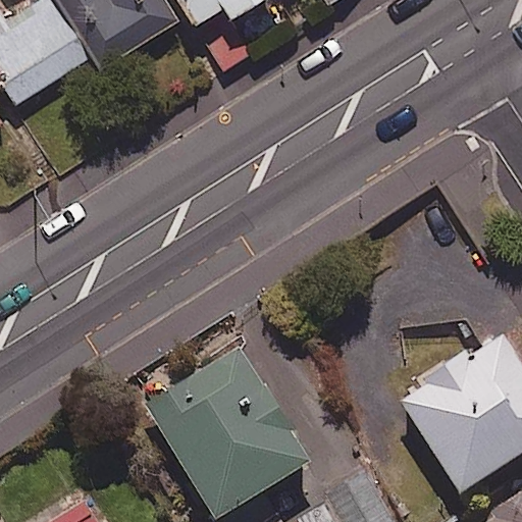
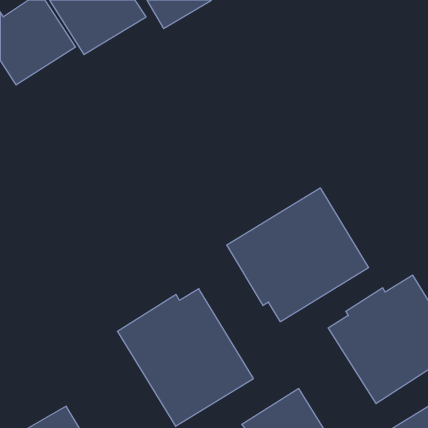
building: none -> [227,188,369,322]

